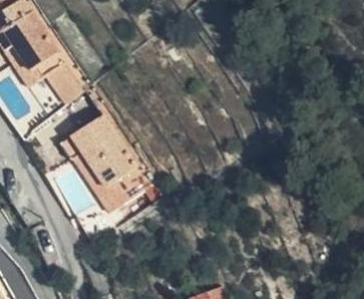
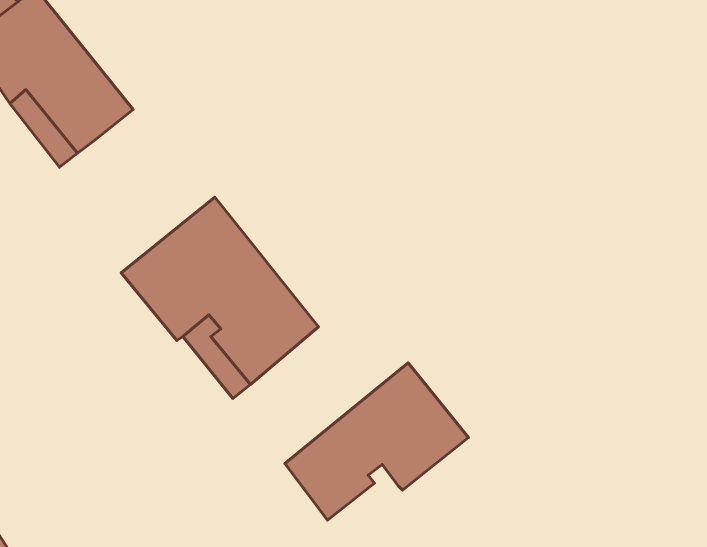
building: [47,63,88,106] -> none
building: none -> [285,363,468,520]

